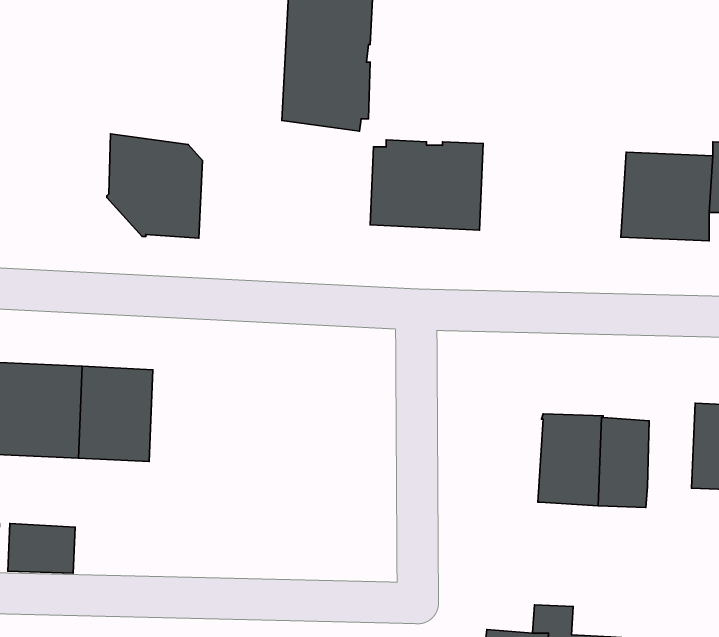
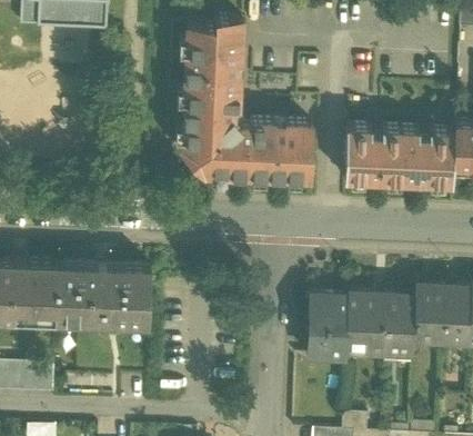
building: [107,134,202,238] -> [182,107,242,172]
building: none -> [344,125,401,180]
building: none -> [101,264,151,324]
building: none -> [414,284,444,338]
building: none -> [306,293,349,355]

